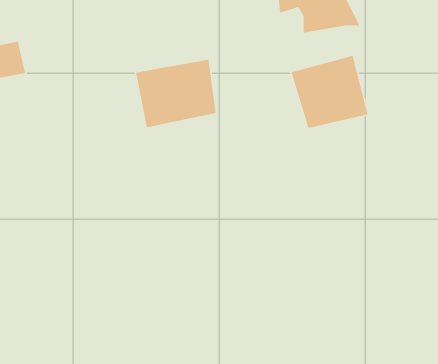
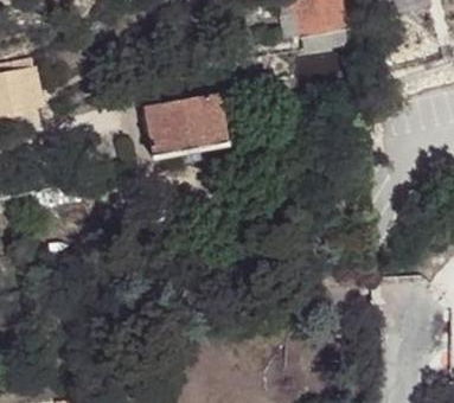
building: [290,55,368,129] -> none

